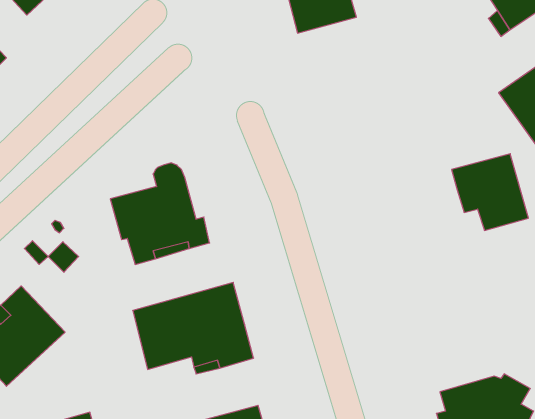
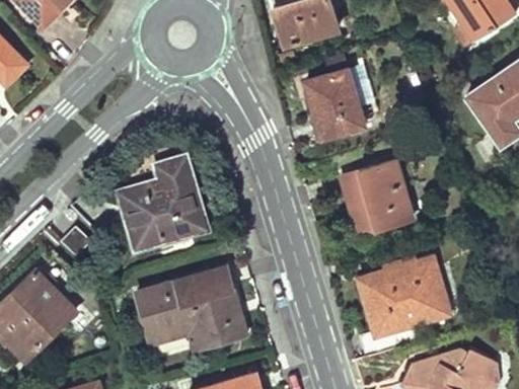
building: none -> [306,68,365,137]
building: [452,154,528,230] -> [343,160,412,229]
building: none -> [347,256,448,357]

